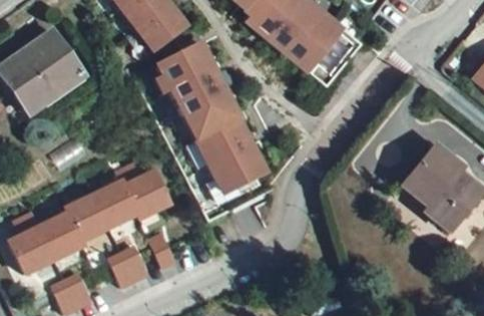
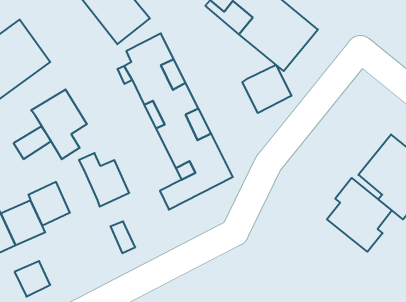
building: none -> [242,65,291,113]
building: none -> [31,89,87,159]
building: [93,182,135,225] -> none
building: none -> [327,178,392,252]
building: [108,247,145,285] -> none

